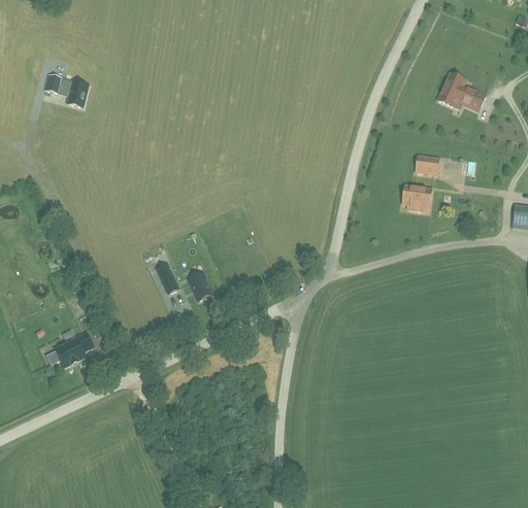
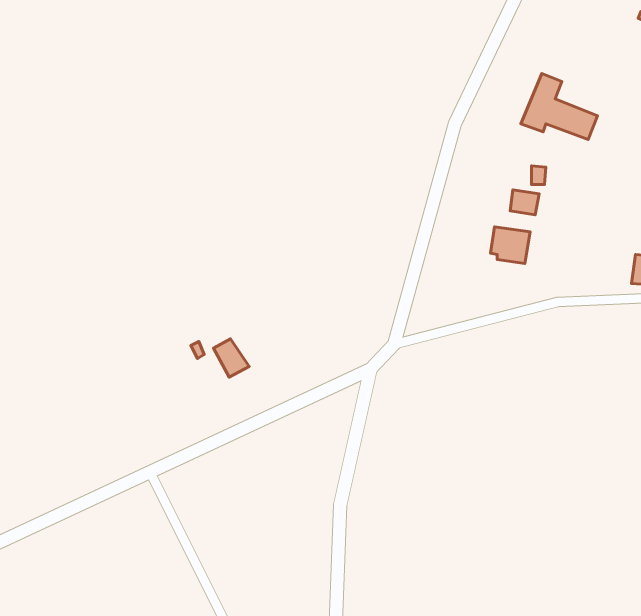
building: [45,73,90,106] -> none
building: [47,333,94,366] -> none

